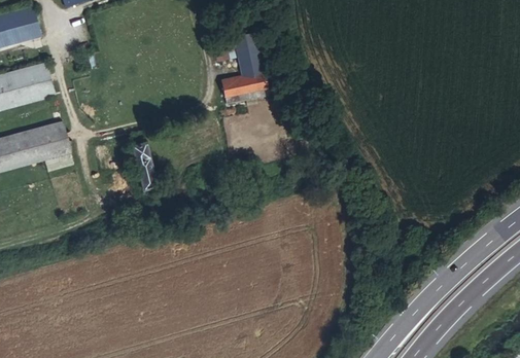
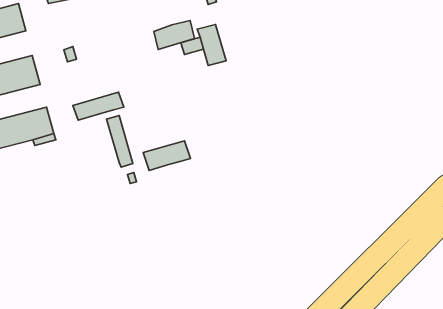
building: [224,70,271,103] -> [154,20,195,50]
building: none -> [73,92,124,120]
building: none -> [143,141,191,170]

